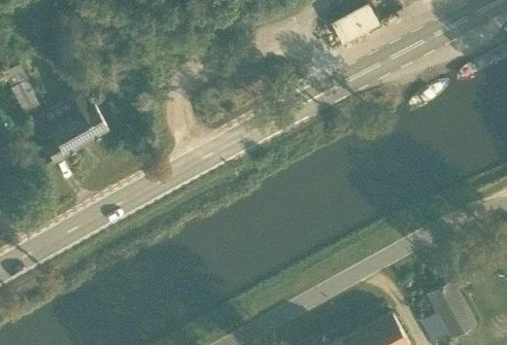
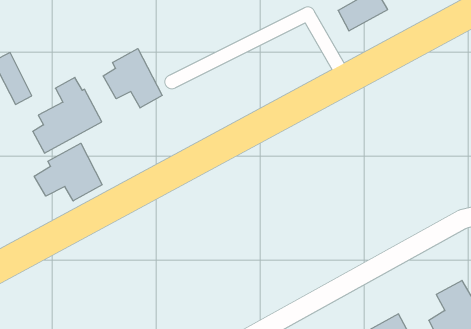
building: none -> [103,49,162,108]
building: none -> [34,143,102,201]

